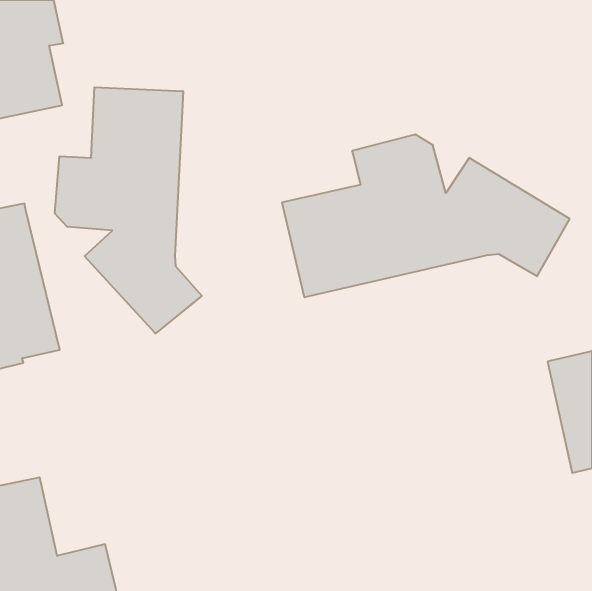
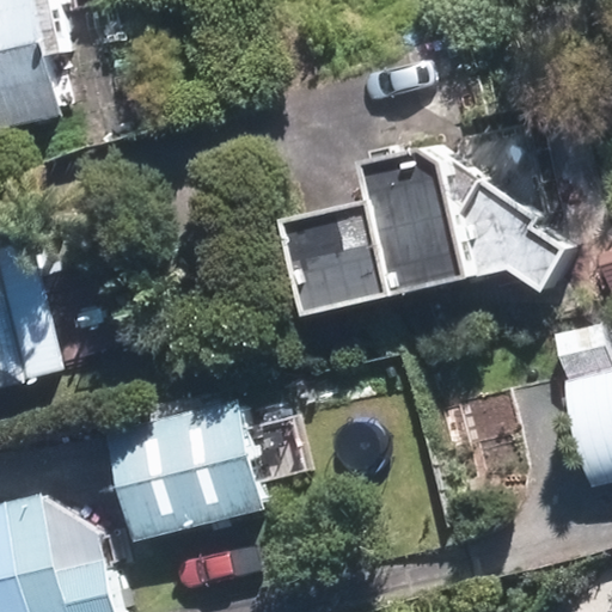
building: [55,87,202,334] -> none
building: none -> [114,408,267,543]

